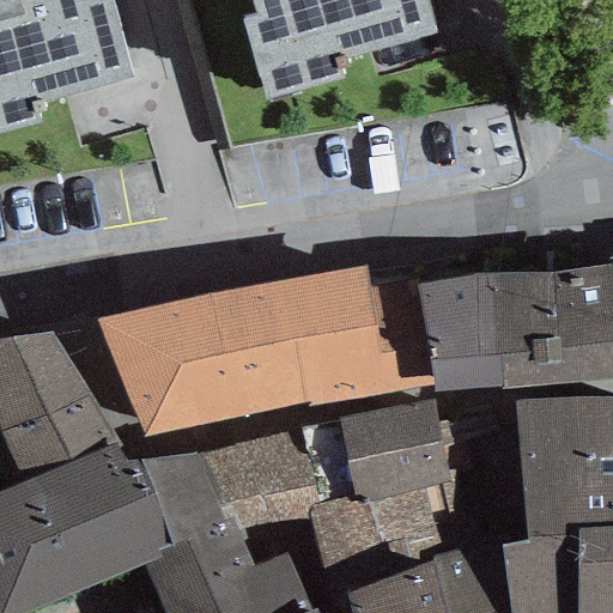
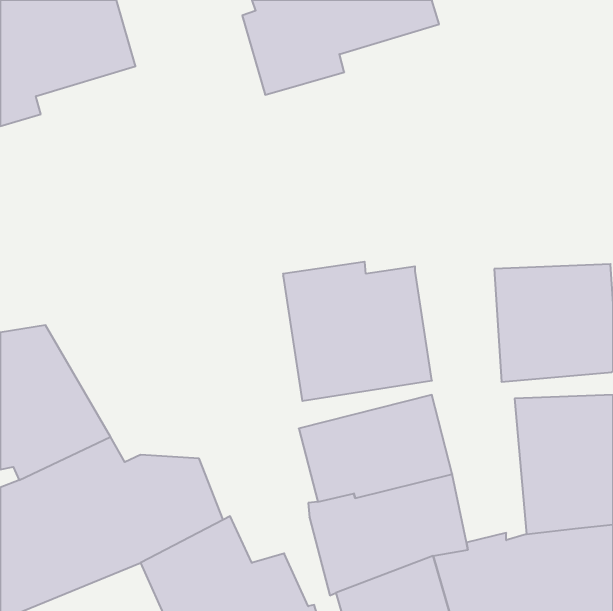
building: [414,261,500,397] -> none
building: [93,278,302,436] -> none
building: [207,430,317,529] -> none

